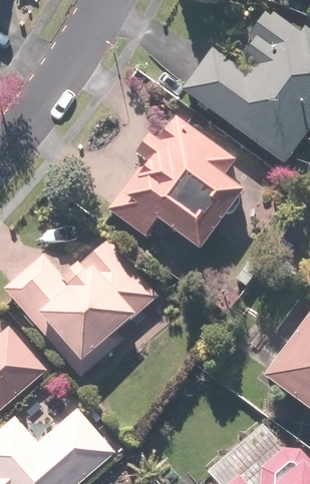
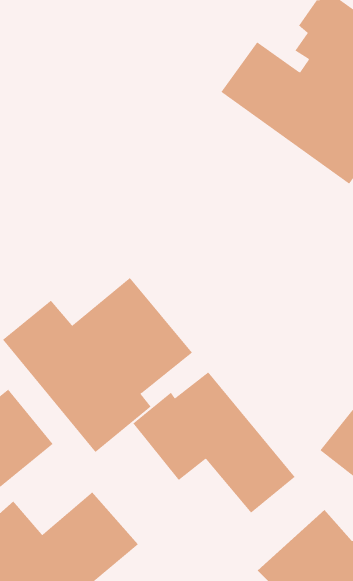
building: [108,116,248,255] -> none
building: none -> [133,371,295,514]

